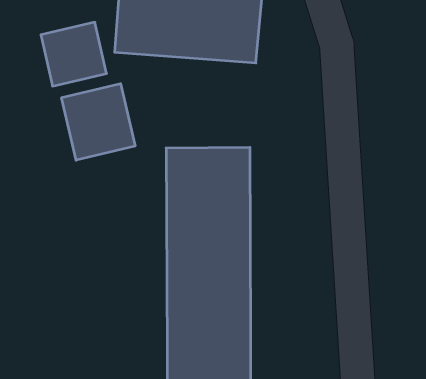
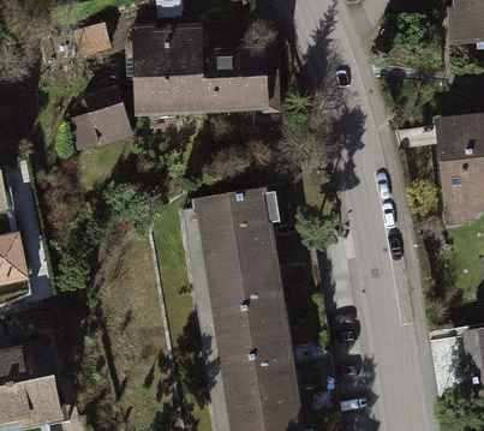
building: [62,84,135,160] -> none

